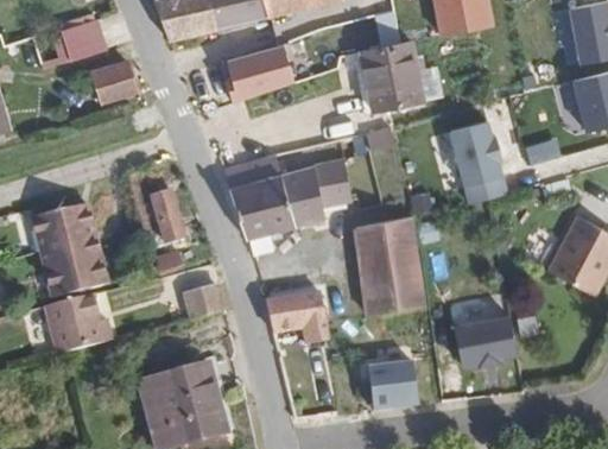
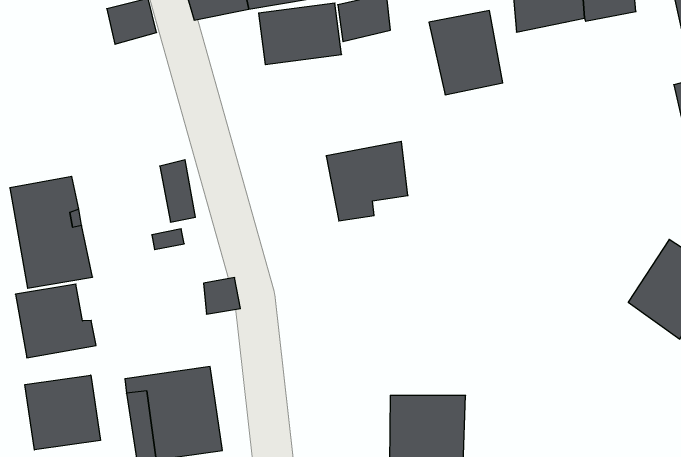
building: [450,121,515,192] -> none
building: [233,169,302,235] -> none
building: [354,211,426,314] -> none
building: [265,290,327,331] -> none
building: [452,305,531,381] -> none
building: none -> [25,375,100,450]

